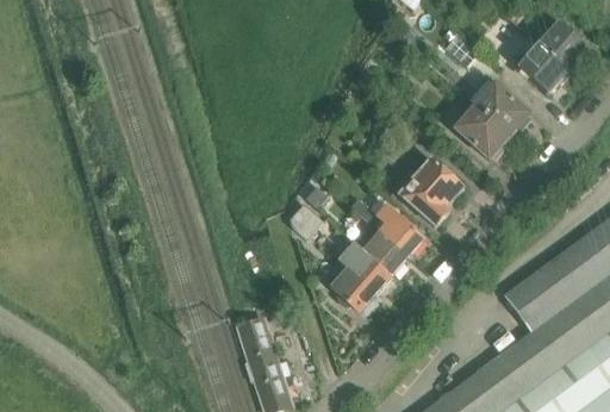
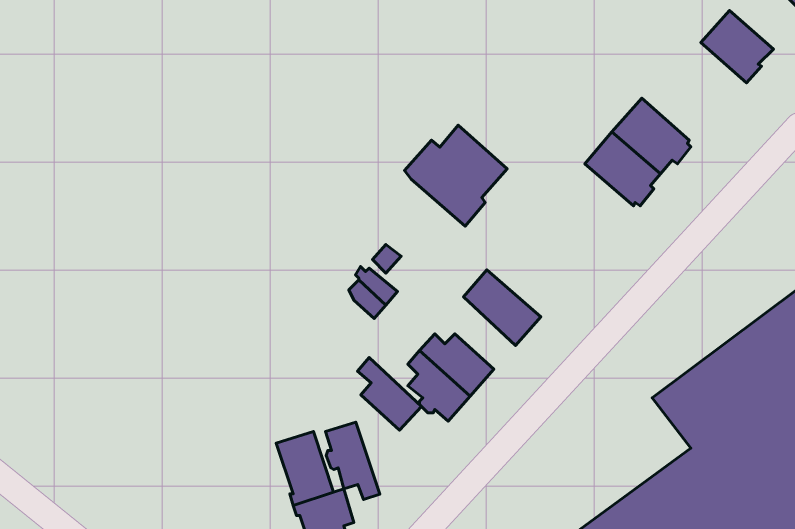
building: [518,44,571,94] -> none
building: [393,157,466,229] -> [404,125,507,226]
building: [362,224,407,275] -> [358,358,422,430]
building: none -> [325,422,380,499]

